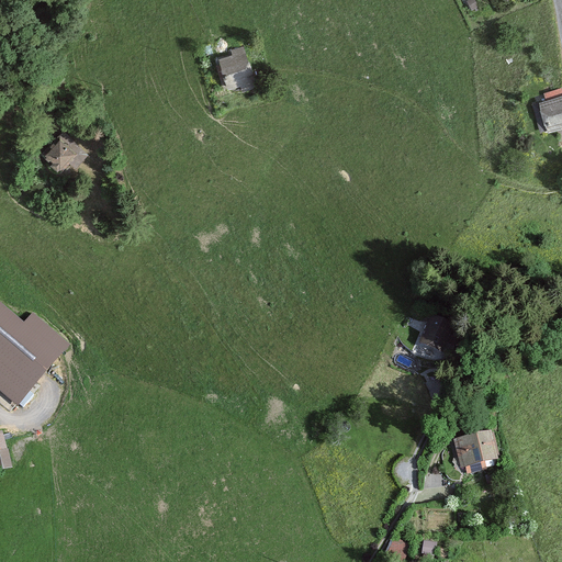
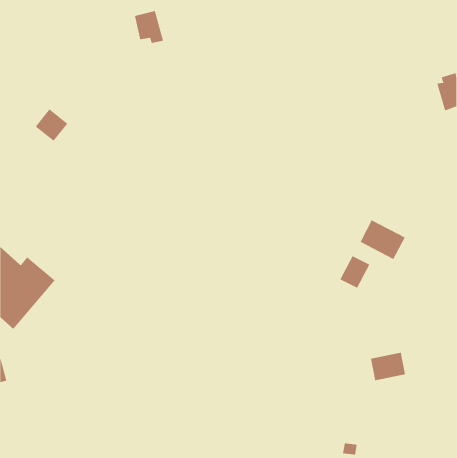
building: [220,52,256,92] -> [134,10,164,44]
building: none -> [360,220,405,260]

